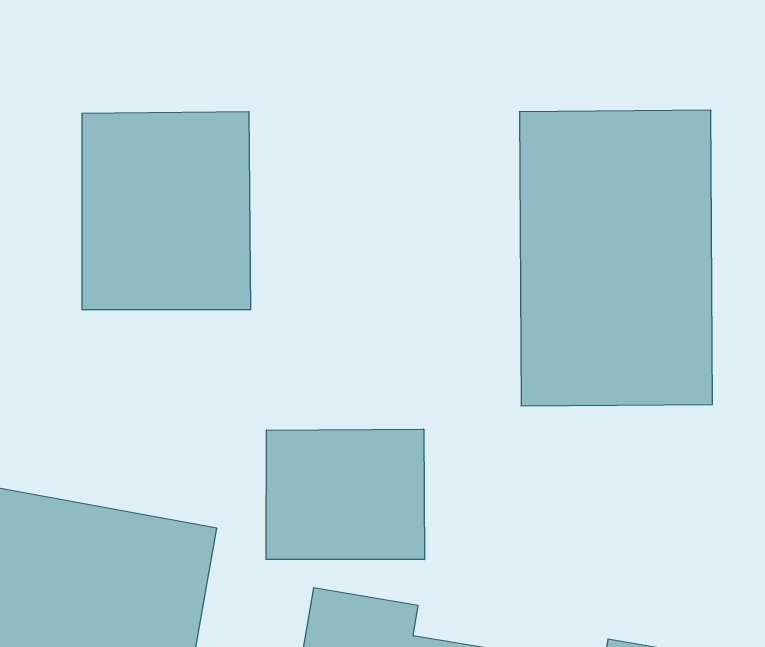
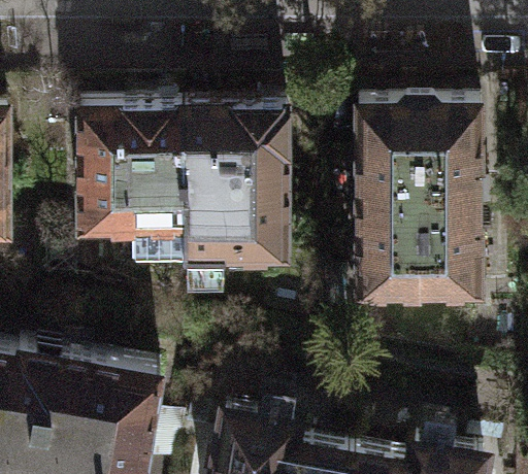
building: none -> [185,103,287,258]
building: [266,429,425,560] -> none

